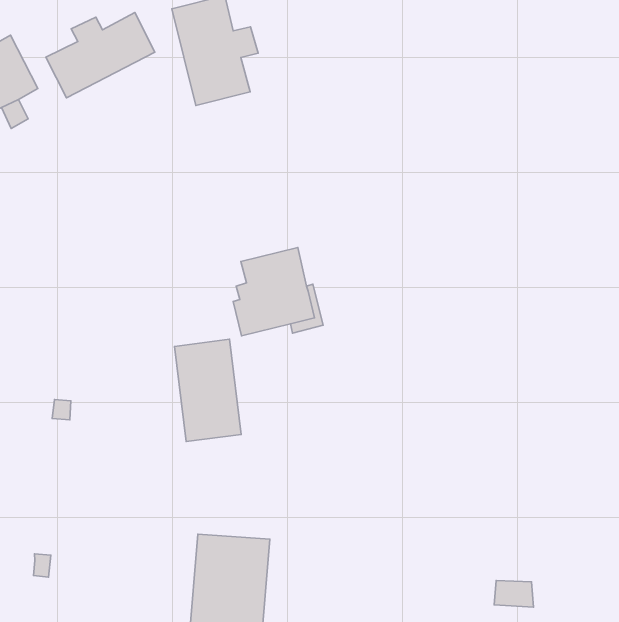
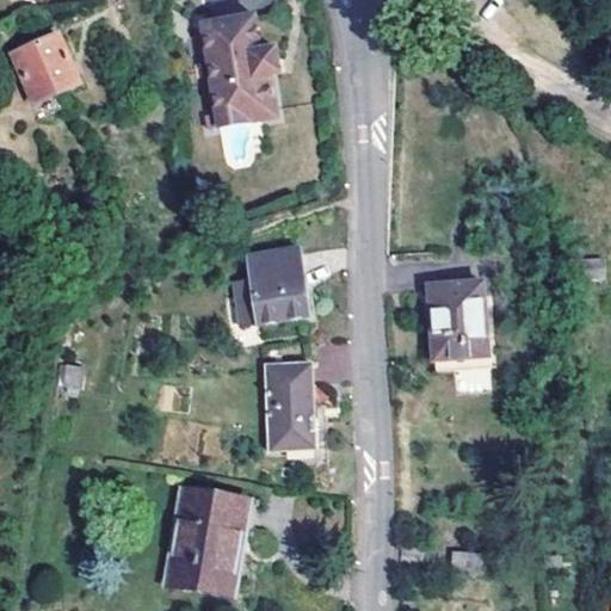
building: [46,12,155,98] -> none
building: none -> [424,282,485,352]
building: [175,339,241,441] -> [260,358,313,445]

